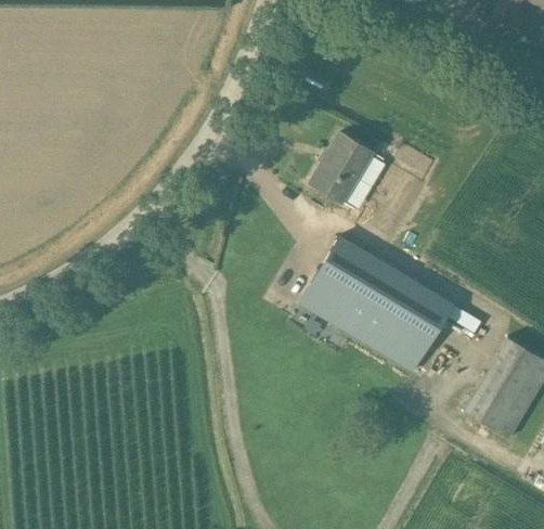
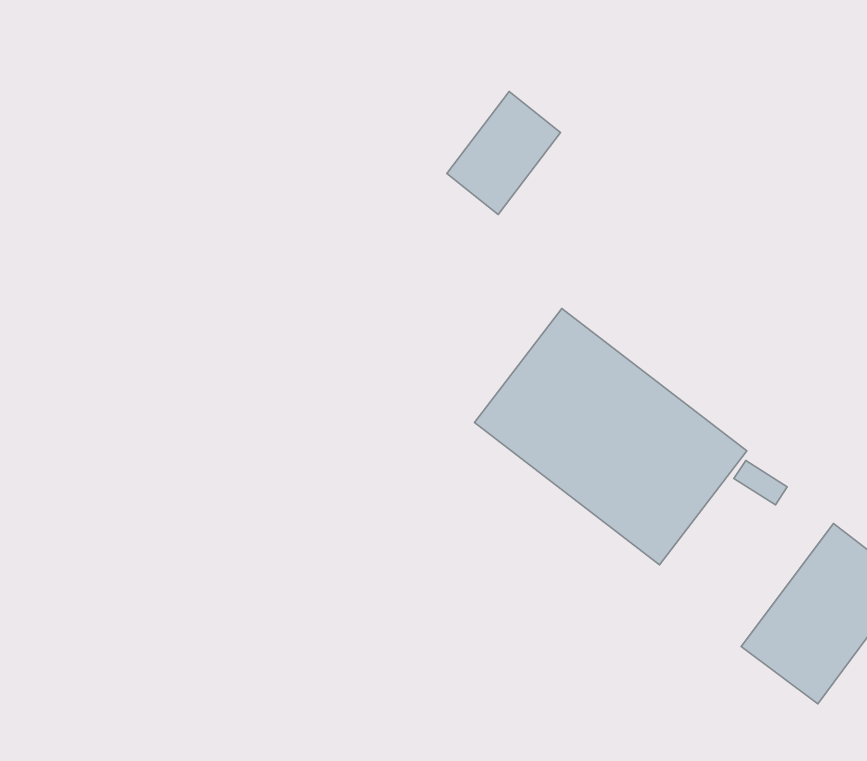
building: [312,134,373,204] -> [447,92,560,215]

